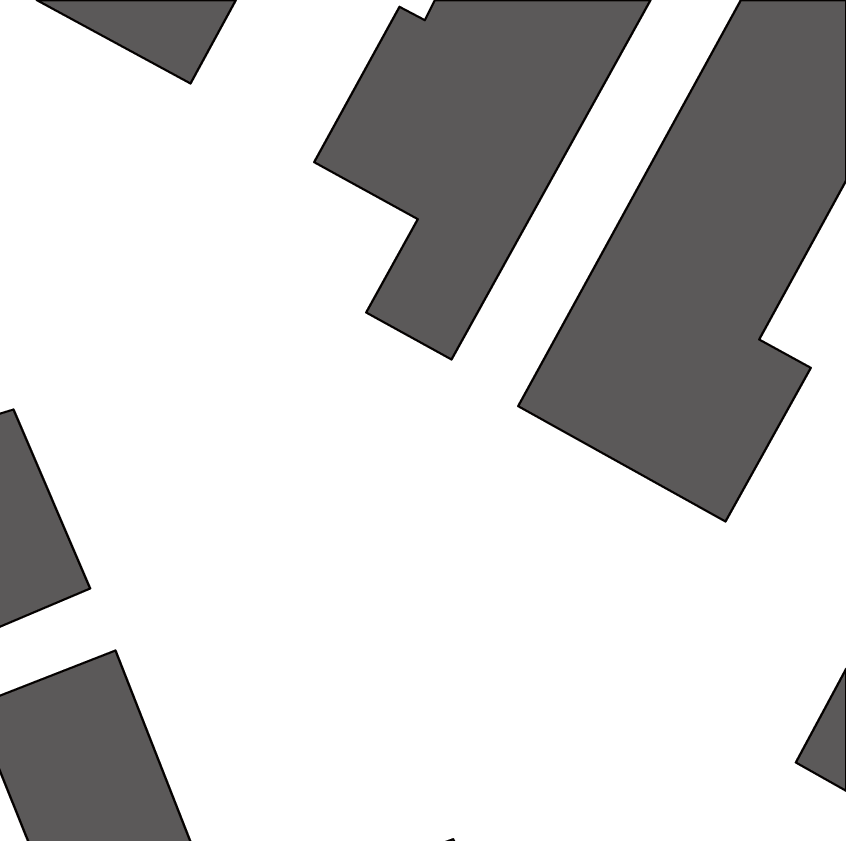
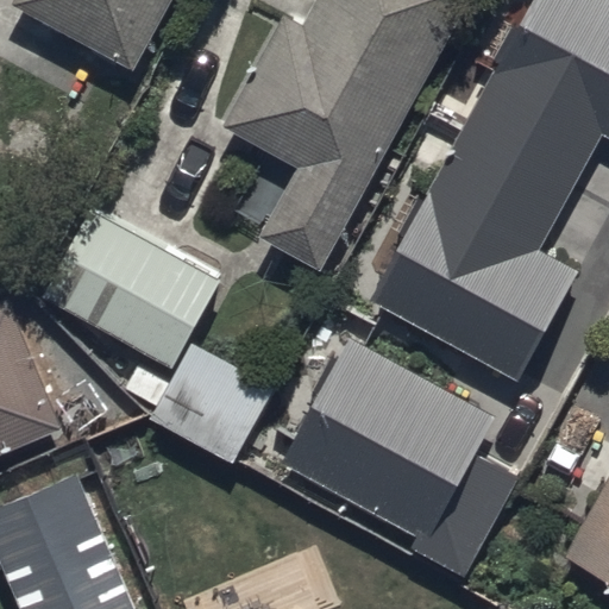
building: none -> [42,208,220,366]
building: none -> [283,339,515,578]
building: none -> [152,341,275,459]

